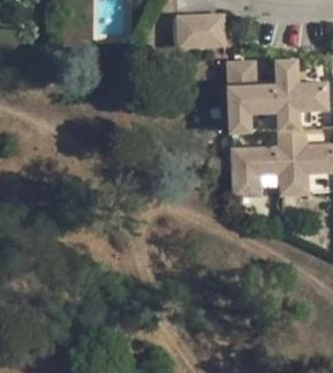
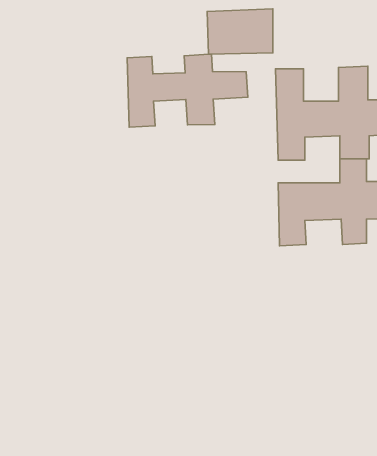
building: none -> [127,54,248,127]

